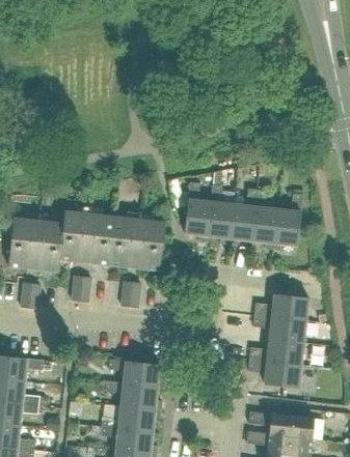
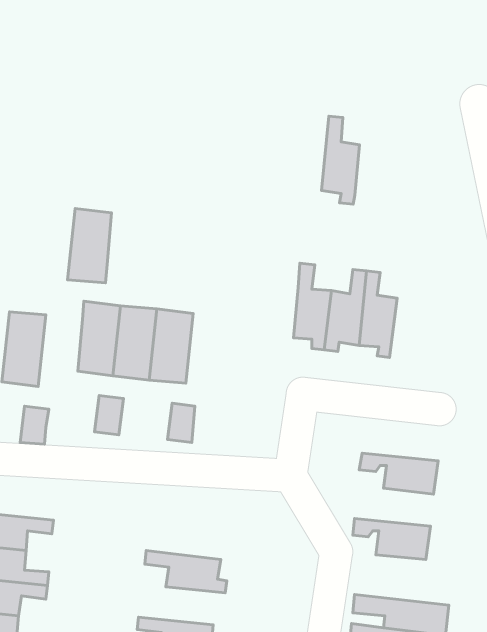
building: [185,181,211,241] -> [321,116,359,204]
building: [273,193,302,250] -> none
building: [134,219,165,269] -> none
building: [33,220,63,270] -> [68,208,112,283]
building: [254,293,308,319] -> none
building: [249,338,303,364] -> none
building: [108,359,165,388] -> none
building: [102,405,161,431] -> none

